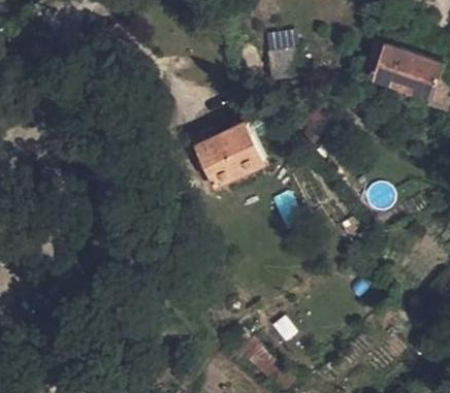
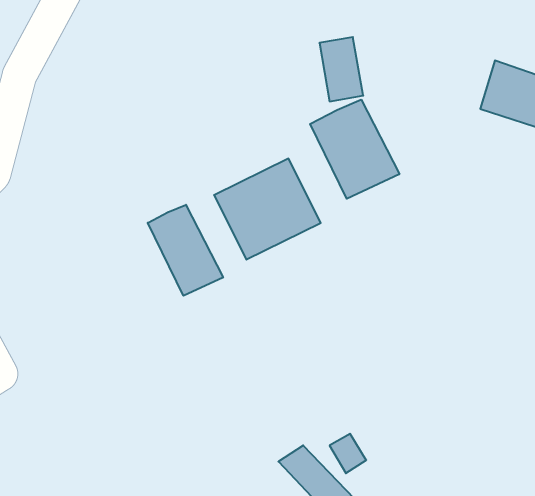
building: none -> [310,100,399,199]
building: none -> [148,205,223,296]

